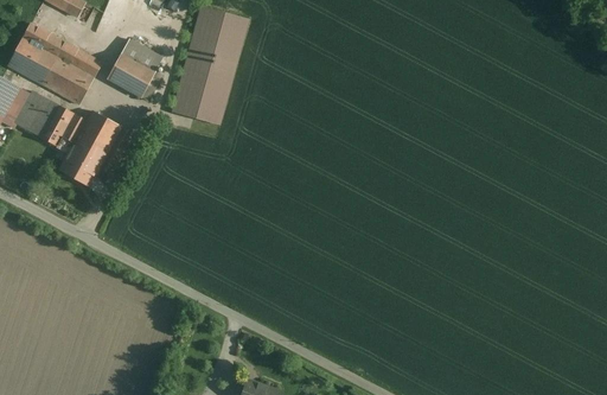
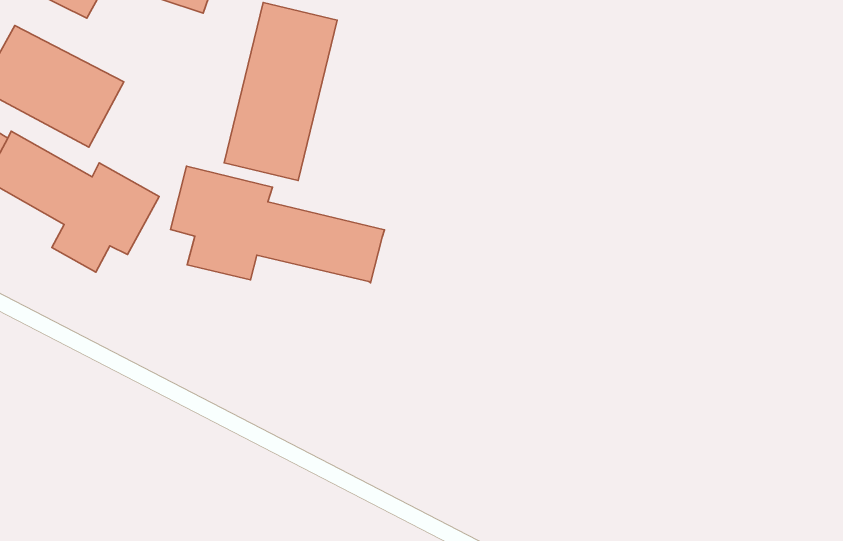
building: [108,37,164,96] -> none
building: none -> [170,166,385,283]

